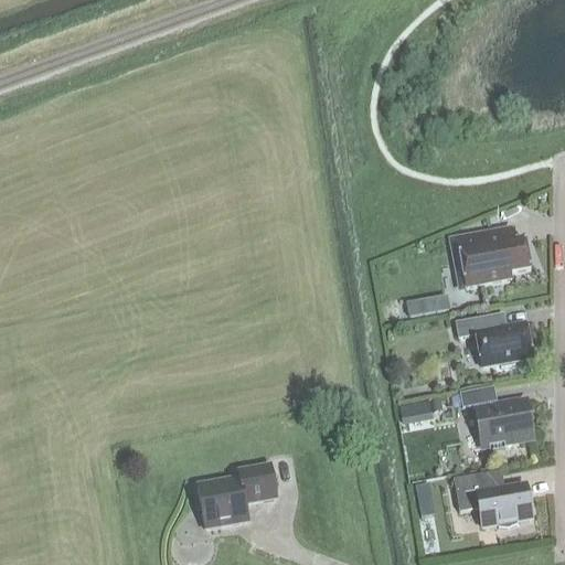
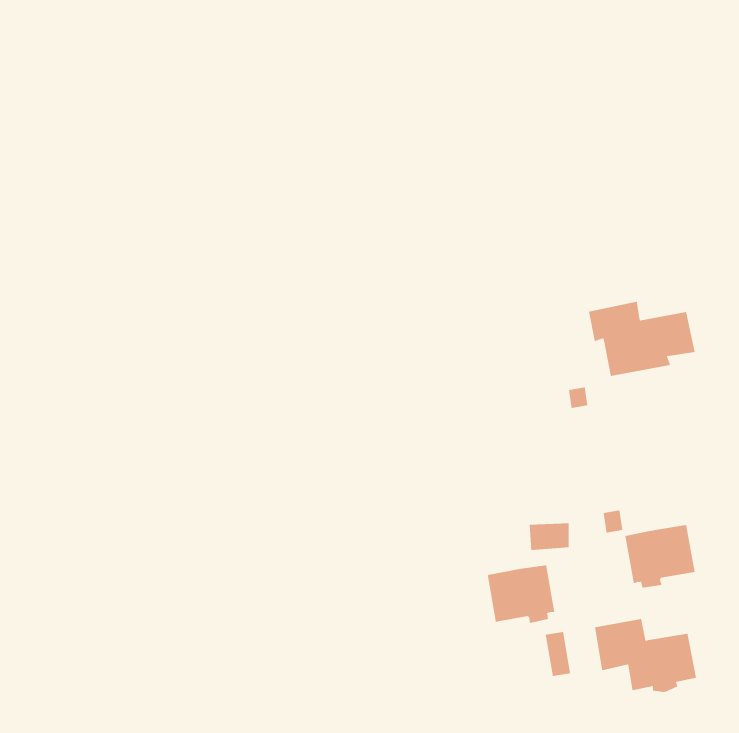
building: [455,313,531,365] -> none
building: none -> [487,564,555,624]
building: [196,462,276,526] -> none

